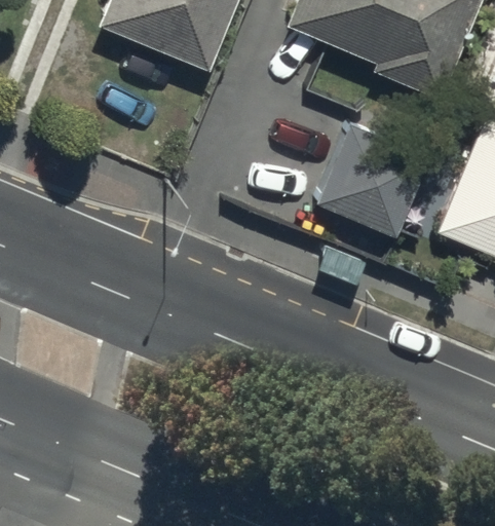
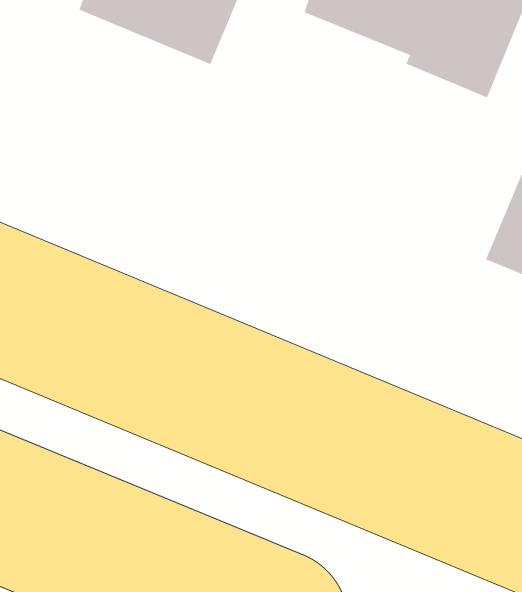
building: [316,124,429,235] -> none

